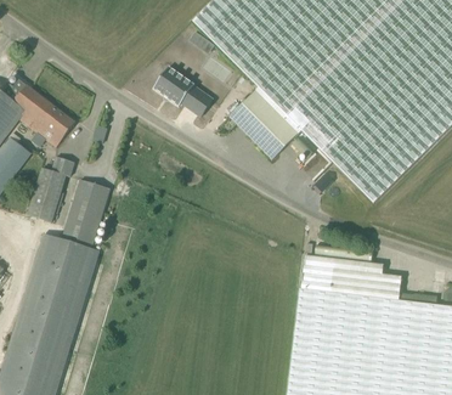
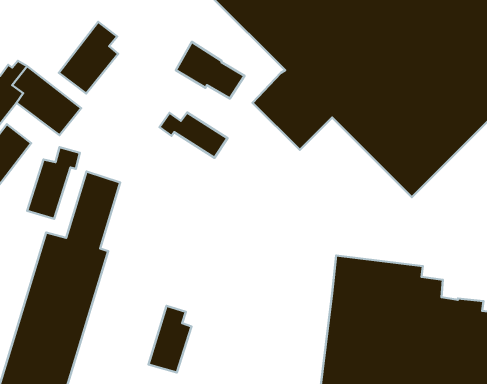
building: none -> [59,22,118,93]
building: none -> [160,112,227,158]
building: none -> [149,306,192,373]

